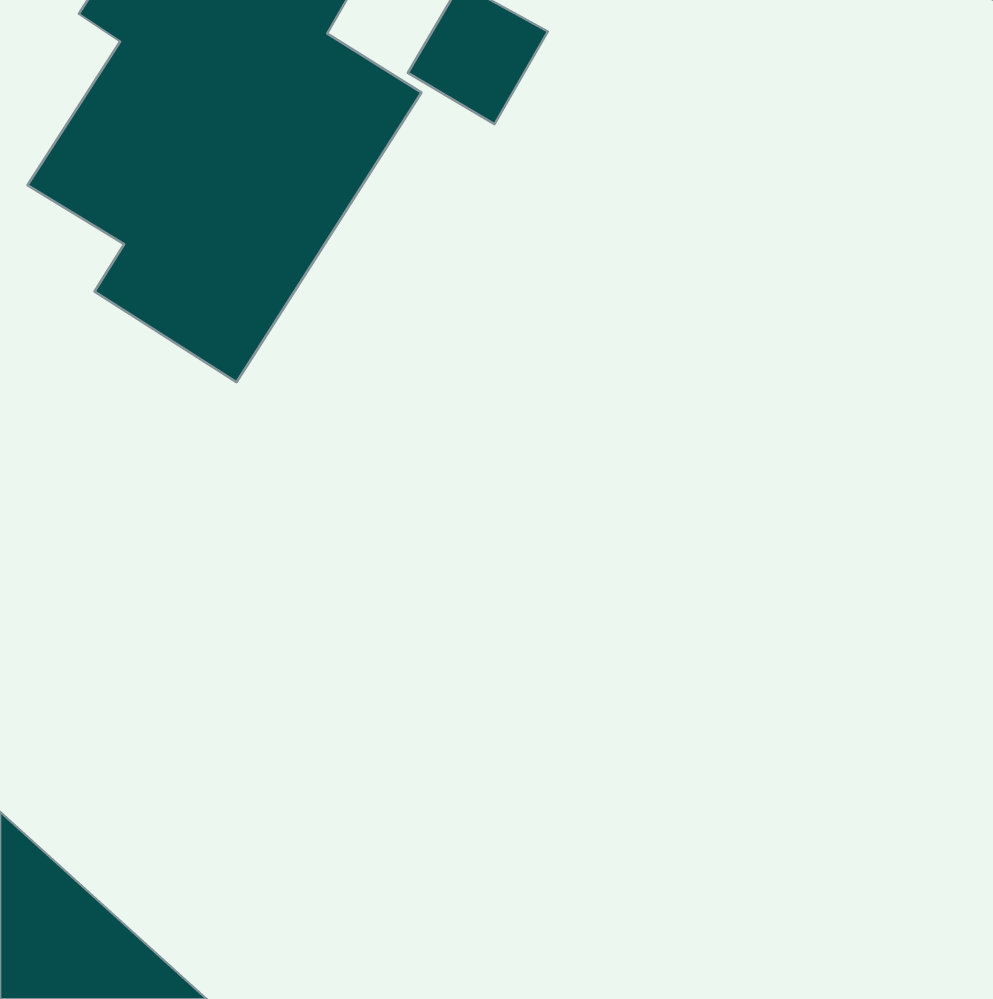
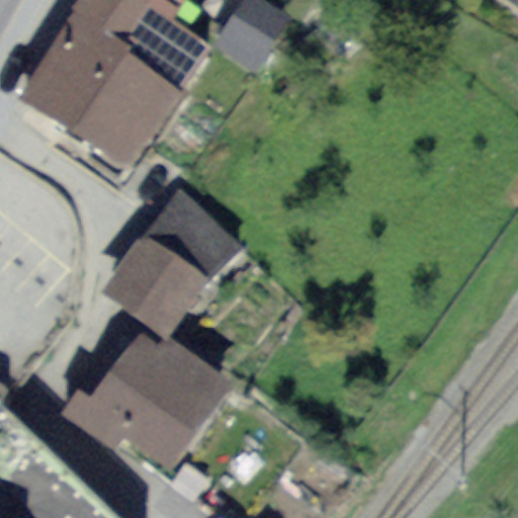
building: none -> [102,188,242,334]
building: none -> [69,331,220,462]

